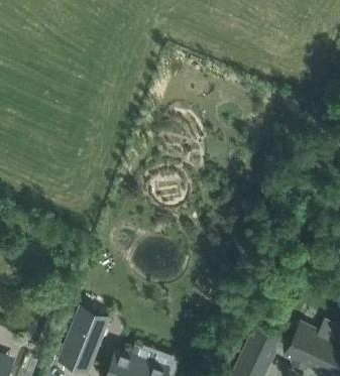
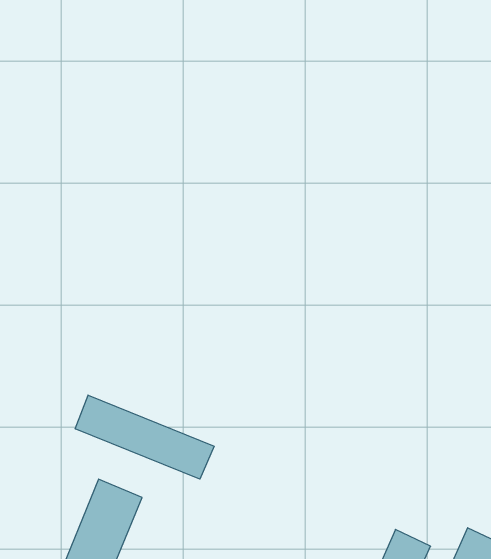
building: none -> [75,395,214,479]

